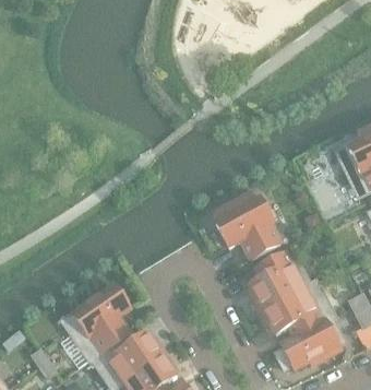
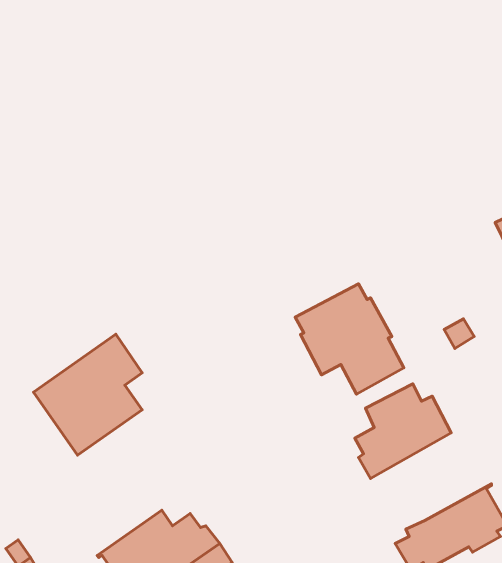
building: [261,281,336,338] -> none
building: [63,284,131,359] -> [34,334,142,455]

